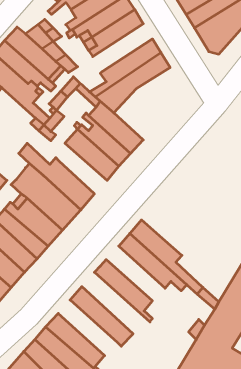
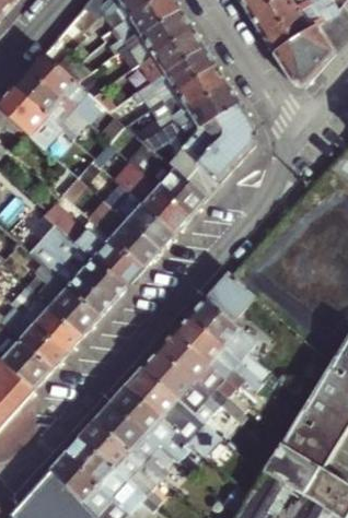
building: none -> [140,47,218,109]
building: none -> [167,104,255,198]
building: none -> [94,199,159,268]
building: none -> [204,276,254,326]
building: none -> [158,335,242,422]
building: none -> [126,369,221,459]
building: none -> [95,405,172,478]

